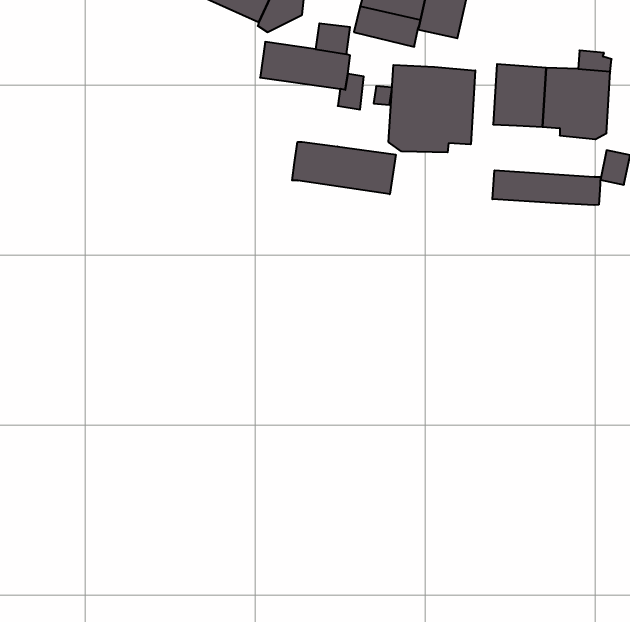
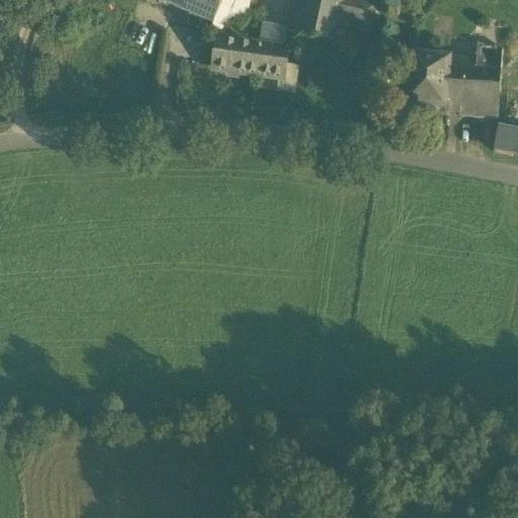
building: [389,65,475,152] -> none
building: [292,142,396,194] -> none
building: [492,170,601,205] -> none

